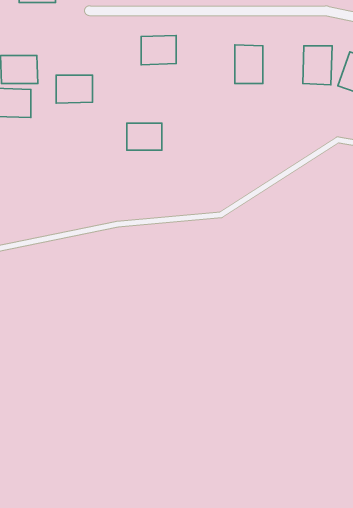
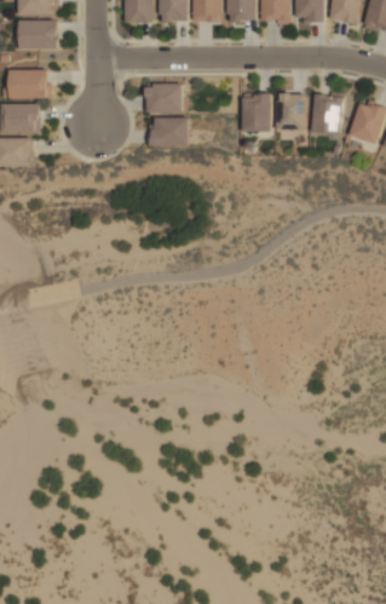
building: none -> [277,92,307,130]
building: [56,75,93,103] -> [10,69,47,98]
building: [127,123,162,150] -> [154,117,190,145]

